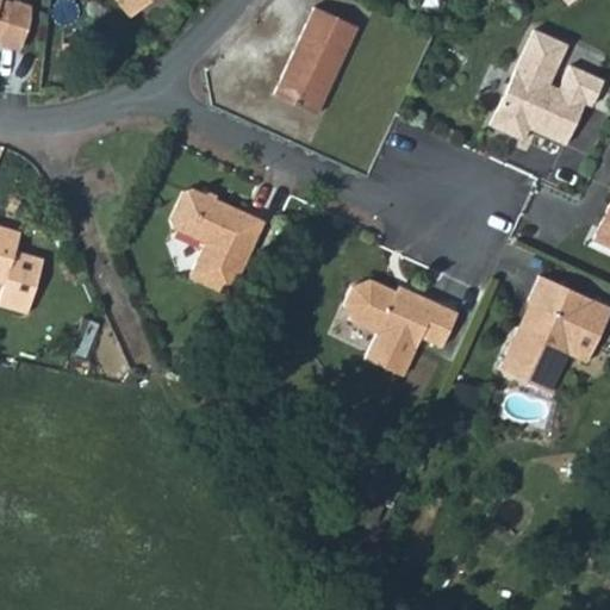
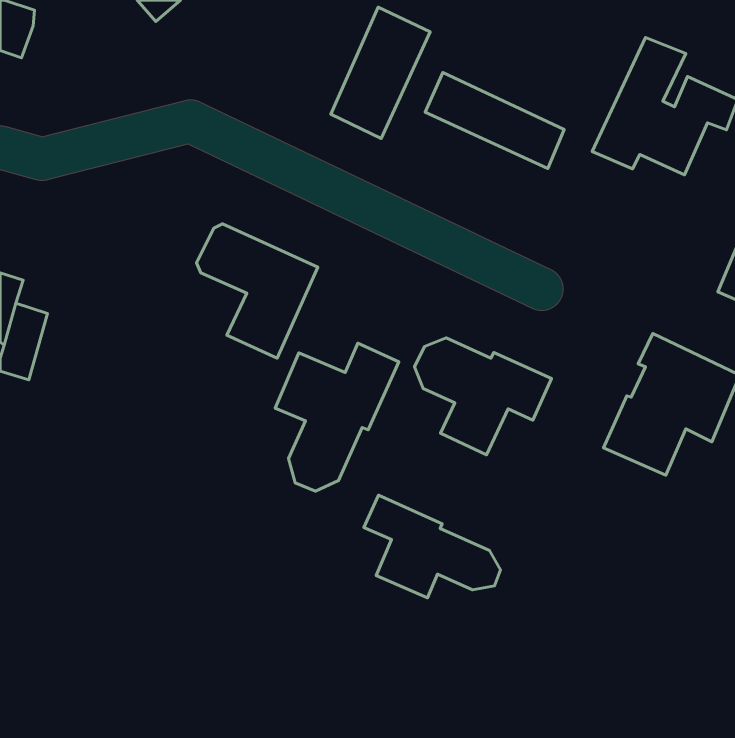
building: none -> [425,73,564,168]
building: none -> [275,343,399,491]
building: none -> [364,495,501,598]

